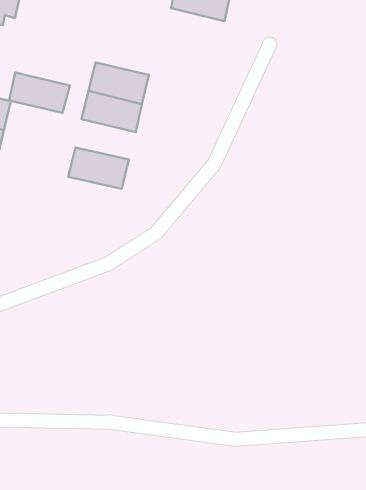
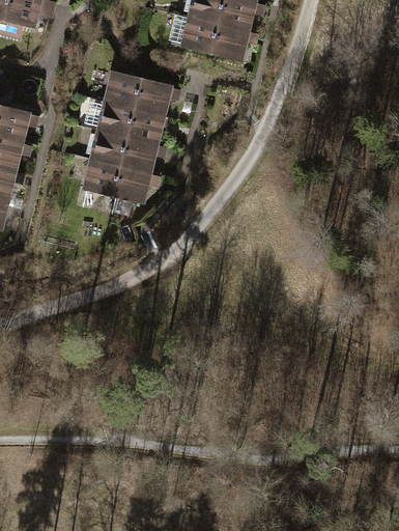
building: none -> [186,16,248,59]
building: [9,72,70,113] -> [94,130,156,171]

